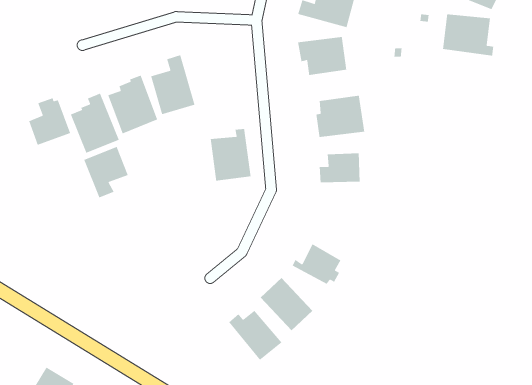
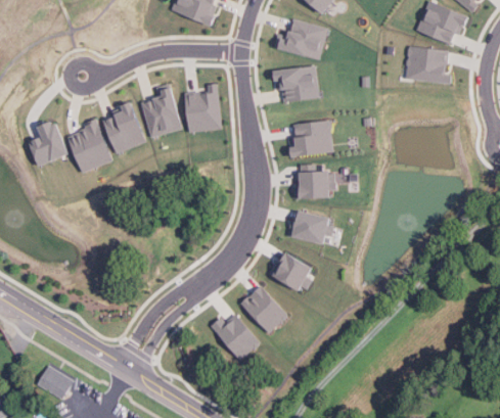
building: [210,128,252,181] -> [183,84,221,132]
building: [83,146,129,199] -> none
building: none -> [286,212,332,244]

